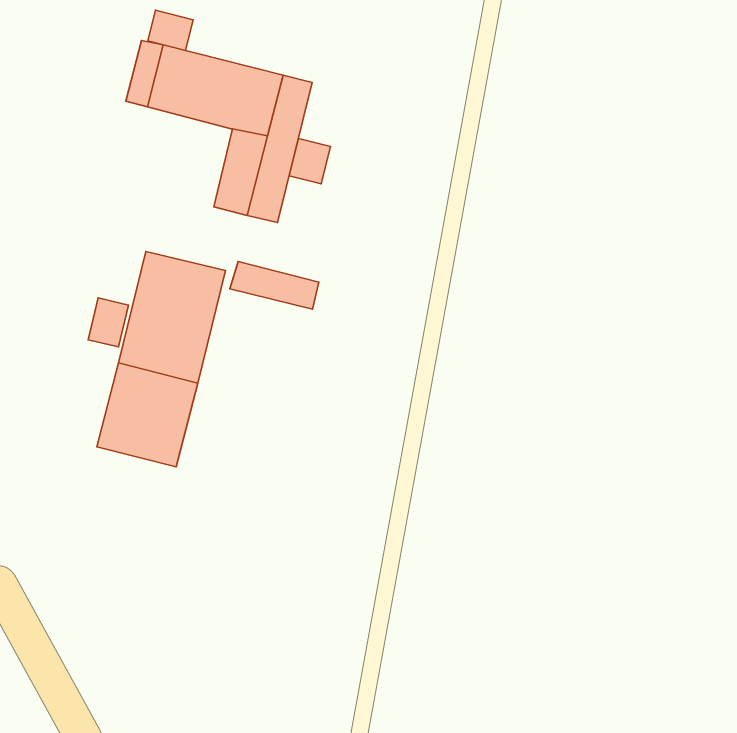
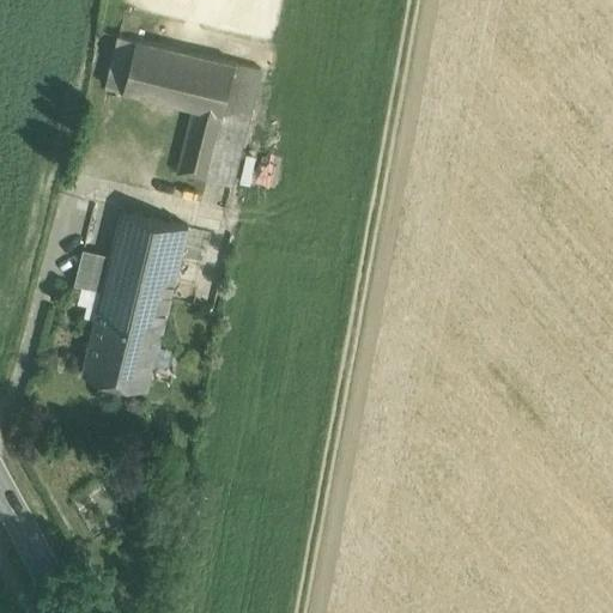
building: [148,10,193,50] -> none
building: [289,138,331,184] -> none
building: [230,262,319,309] -> none

